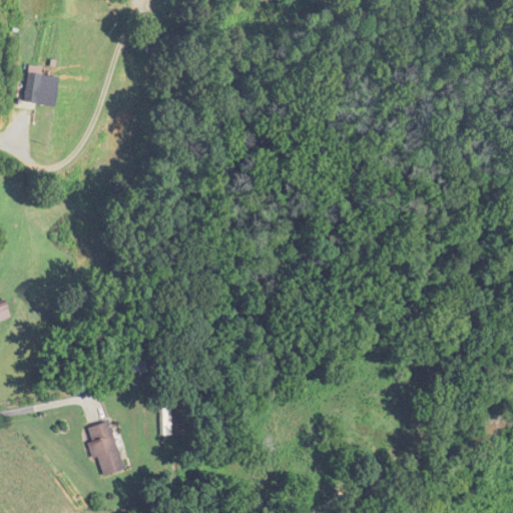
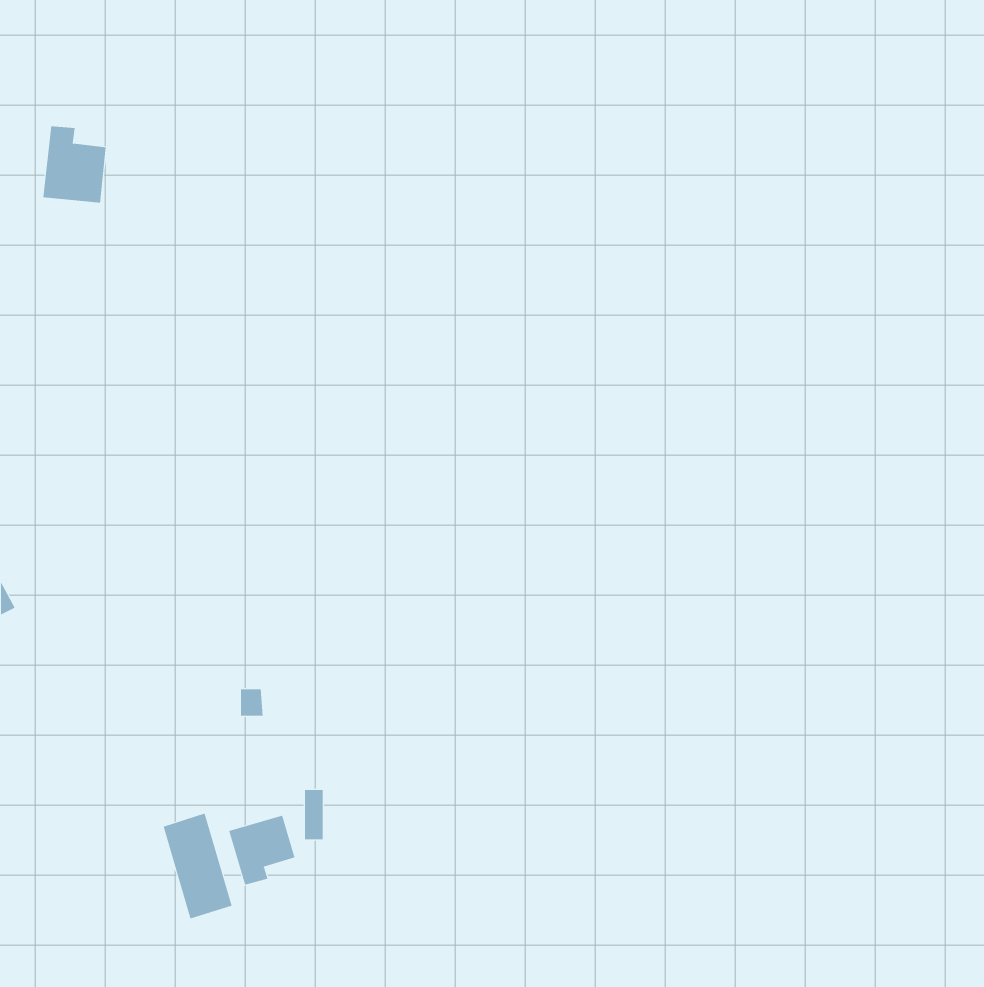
building: none -> [228,815,295,885]

